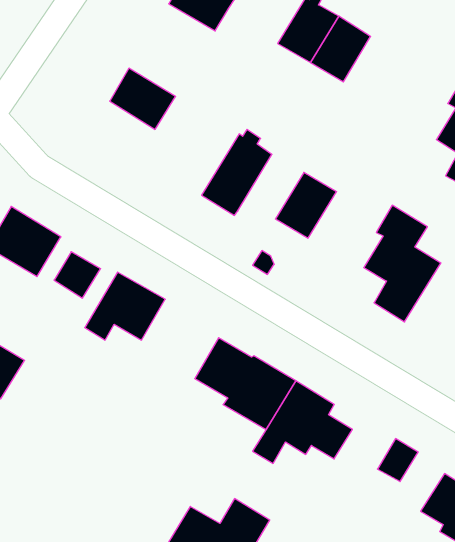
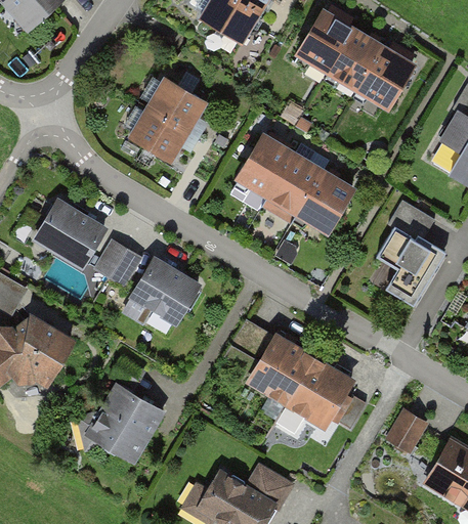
building: none -> [358,48,414,106]
building: none -> [129,106,188,162]
building: none -> [263,155,323,222]
building: none -> [89,359,161,460]

